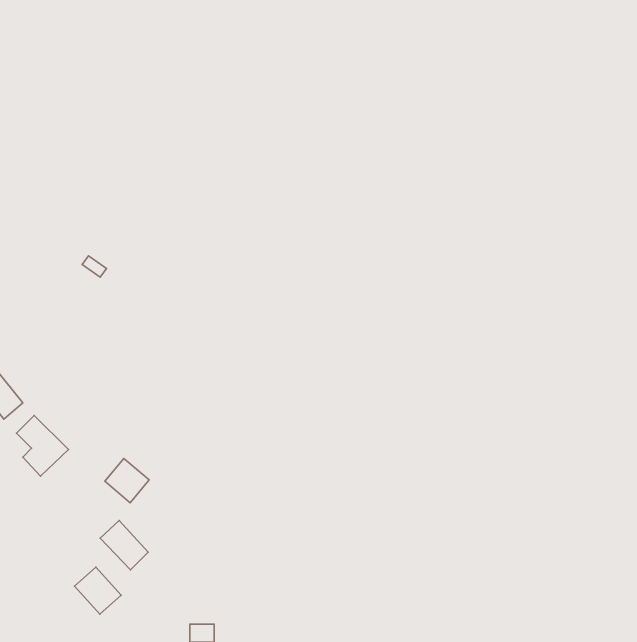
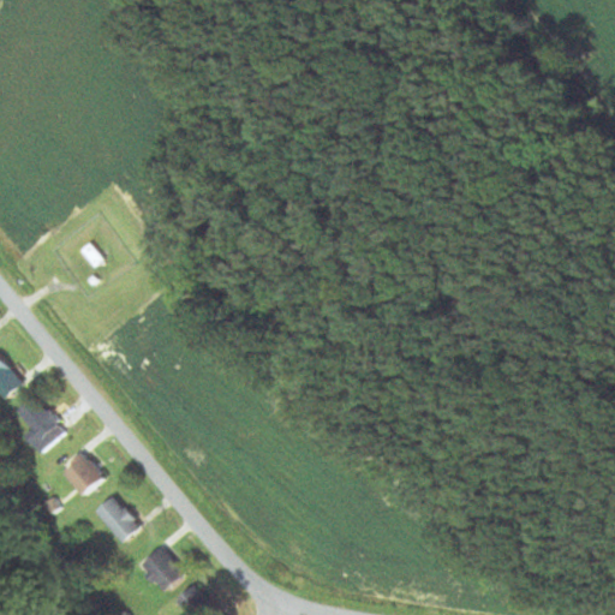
building: [105,458,149,503] -> [60,452,102,494]
building: [74,567,121,614] -> [141,547,185,591]

